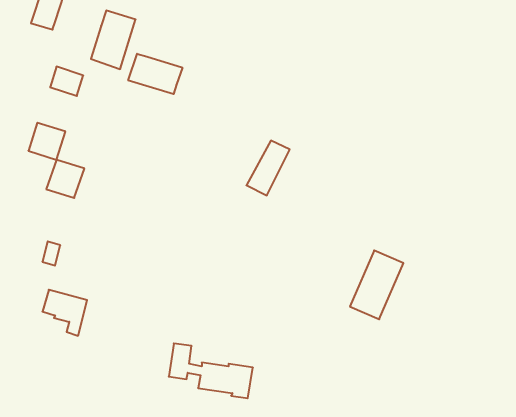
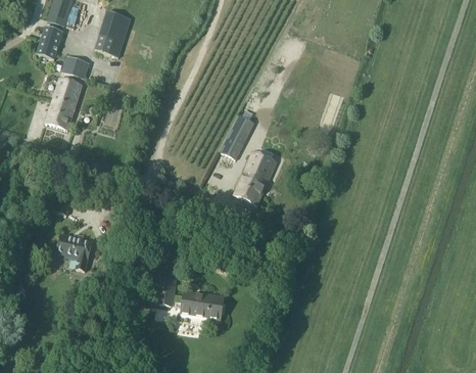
building: none -> [37,26,63,59]
building: [128,54,182,94] -> none
building: [46,160,84,198] -> [52,77,83,107]
building: [350,250,403,319] -> [234,150,277,205]

